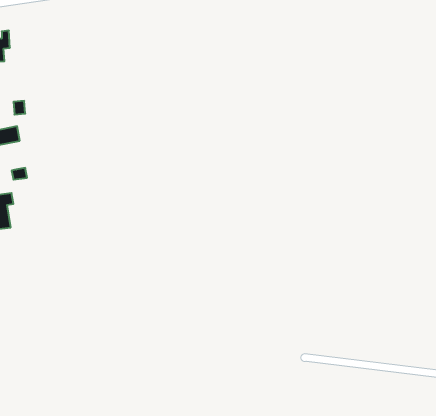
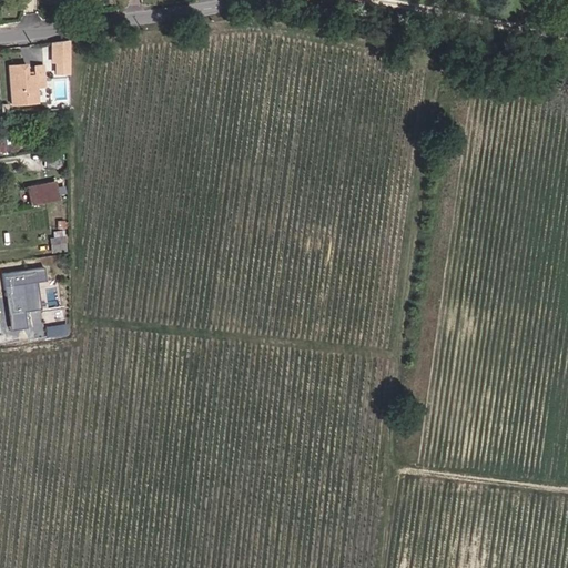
building: none -> [55,39,73,74]

